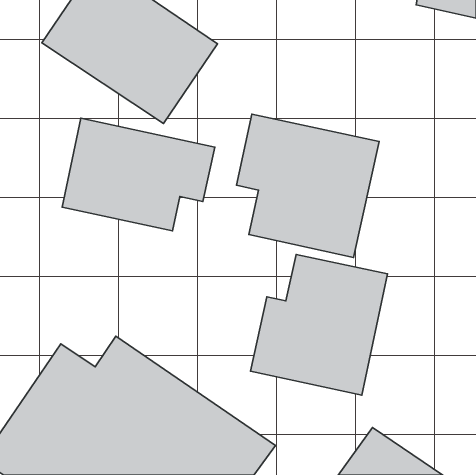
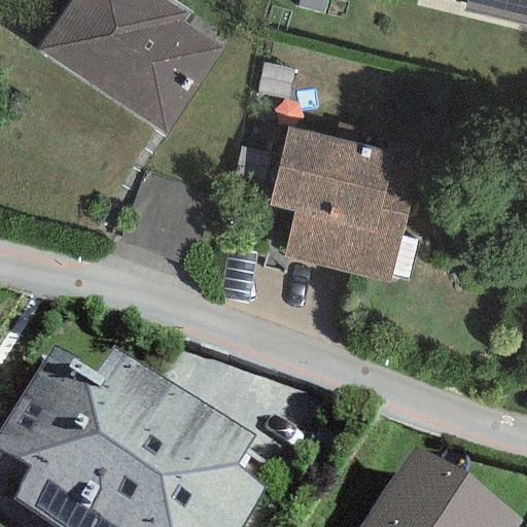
building: [62,118,215,231] -> none
building: [251,254,387,395] -> none

